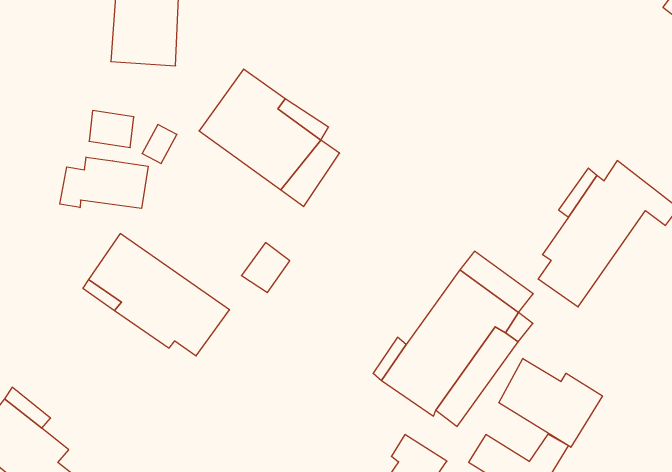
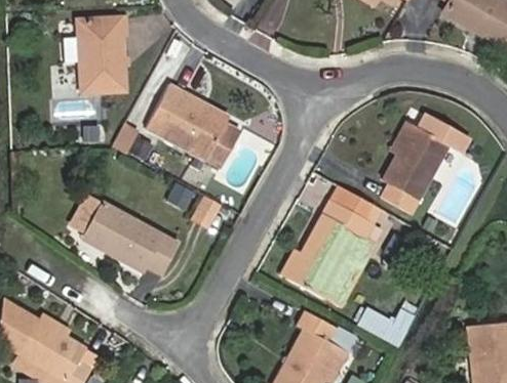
building: [60,157,148,208] -> none
building: [499,358,602,447] -> none

